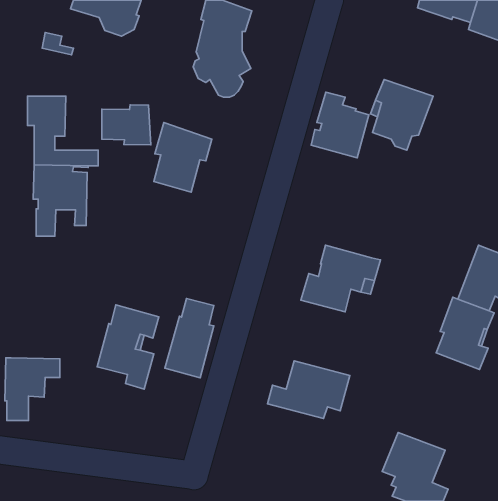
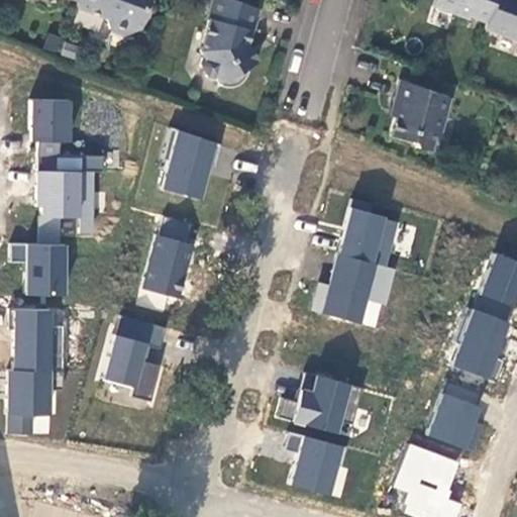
building: [311,92,369,158] -> [338,198,398,266]
building: [102,105,151,145] -> none
building: none -> [11,242,66,294]
building: [165,298,214,378] -> [142,215,193,297]
building: none -> [10,308,66,370]
building: none -> [427,378,484,451]
building: none -> [285,430,347,494]

